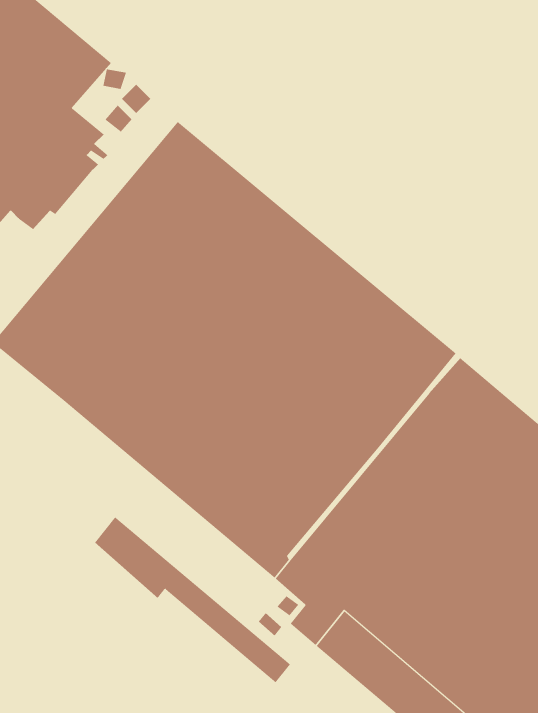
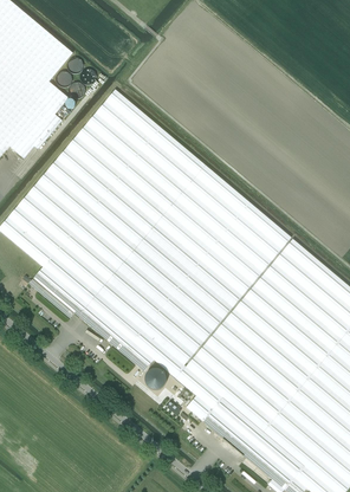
building: [94,516,291,683] -> [30,266,154,371]

